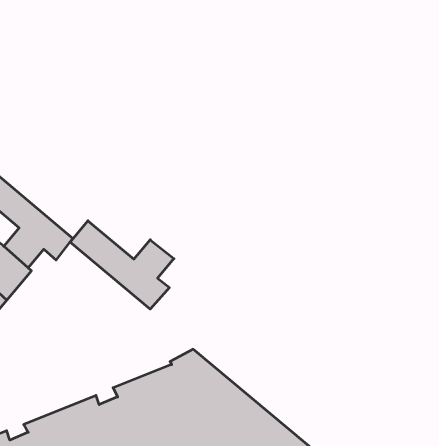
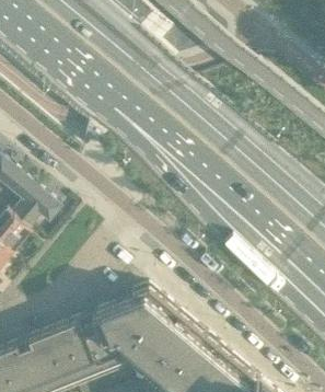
building: [70,221,174,309] -> none

